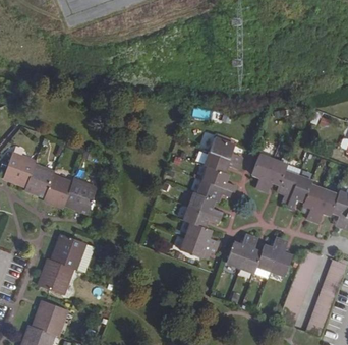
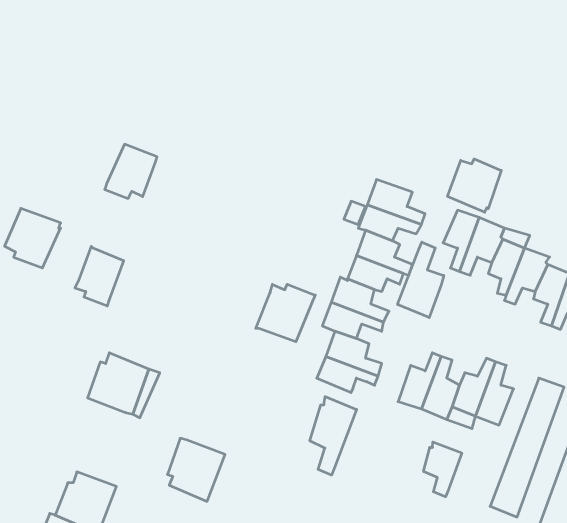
building: none -> [448,159,501,212]
building: [24,164,54,194] -> [105,144,157,198]
building: none -> [398,242,444,318]
building: [63,179,96,211] -> none
building: none -> [256,284,315,342]
building: [40,258,72,294] -> [167,438,225,501]
building: none -> [310,397,357,475]
building: none -> [424,442,462,497]

